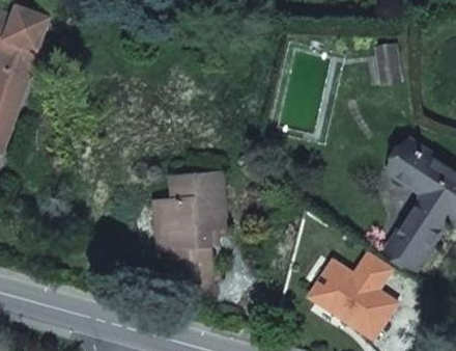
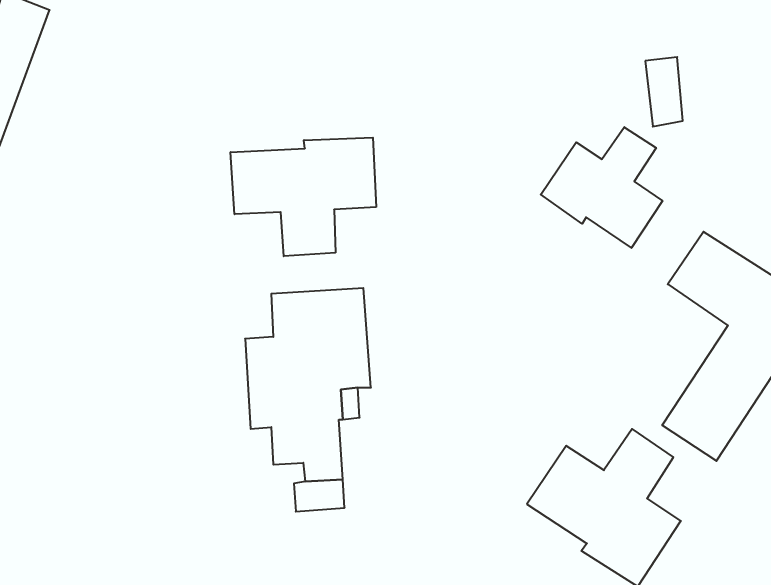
building: none -> [541,127,662,248]
building: none -> [231,138,376,256]

